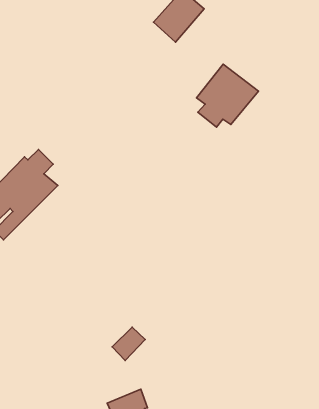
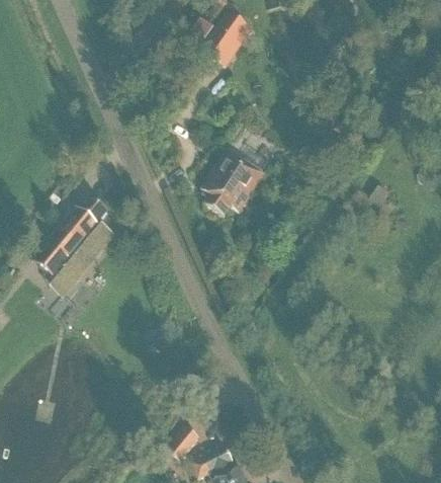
building: [196,64,259,127] -> [201,149,267,217]
building: [112,327,145,360] -> [166,424,200,461]

